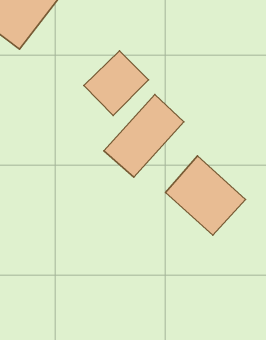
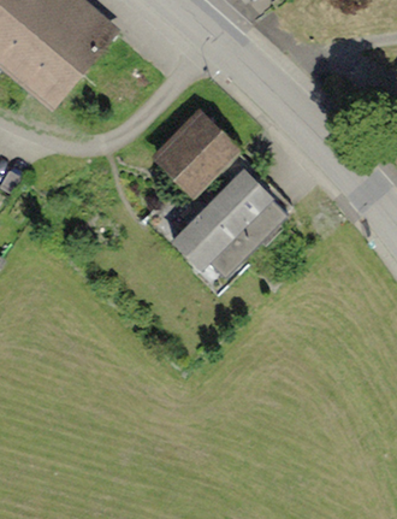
building: [165,156,246,235] -> none

